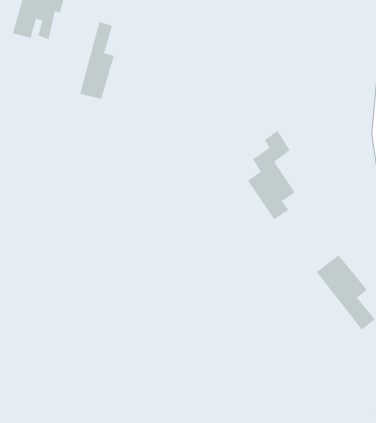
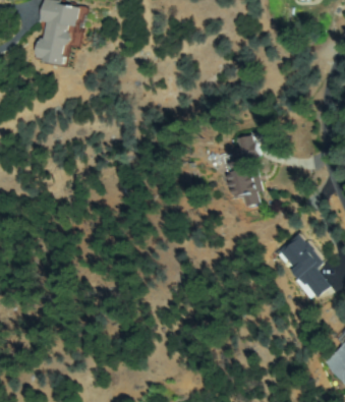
building: [79,21,114,100] -> none

